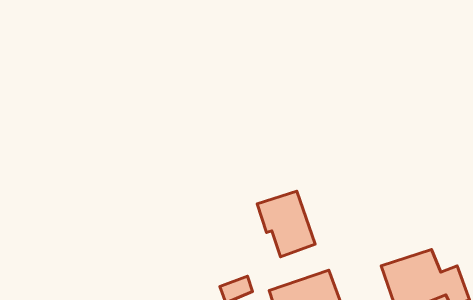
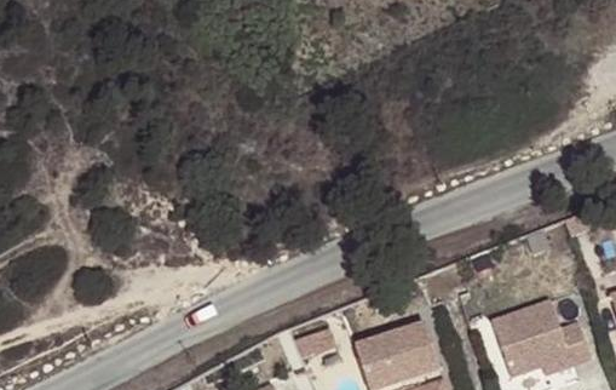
building: [257,191,315,257] -> none

